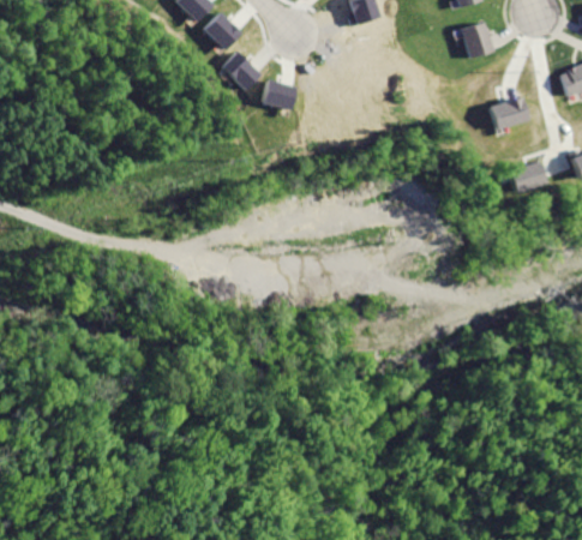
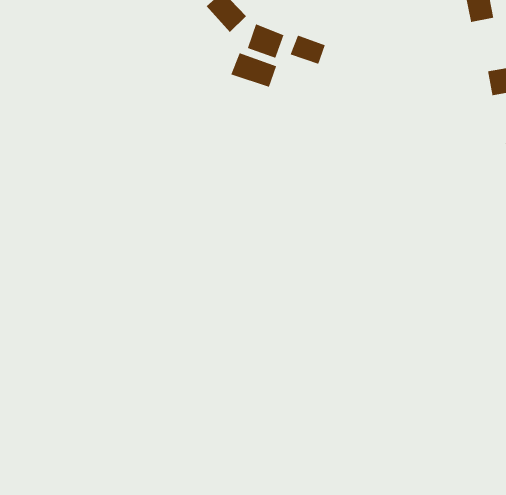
building: none -> [289,35,326,65]
building: none -> [230,52,277,88]

